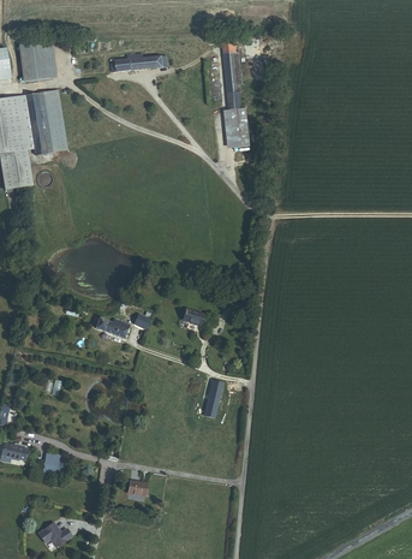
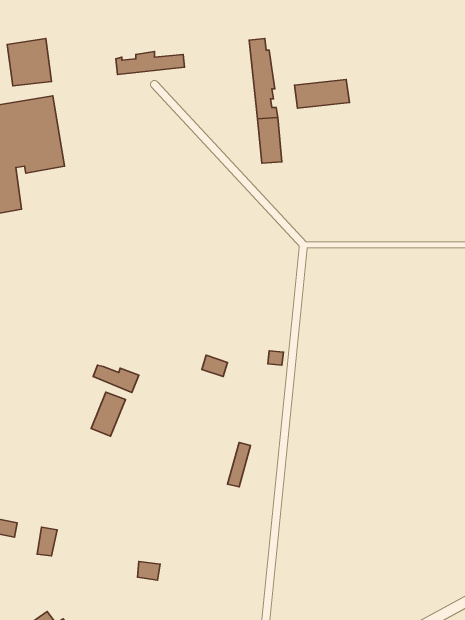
building: none -> [294,79,349,108]
building: none -> [91,392,125,436]

